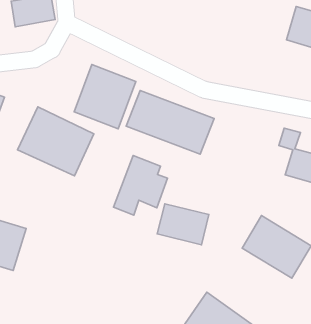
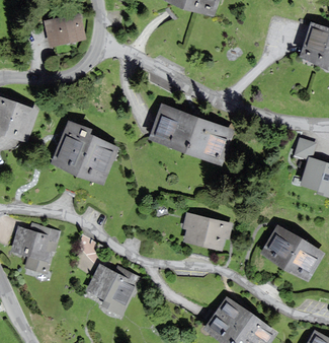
building: [74,65,136,129] -> none
building: [114,156,168,215] -> none
building: none -> [86,266,137,317]

